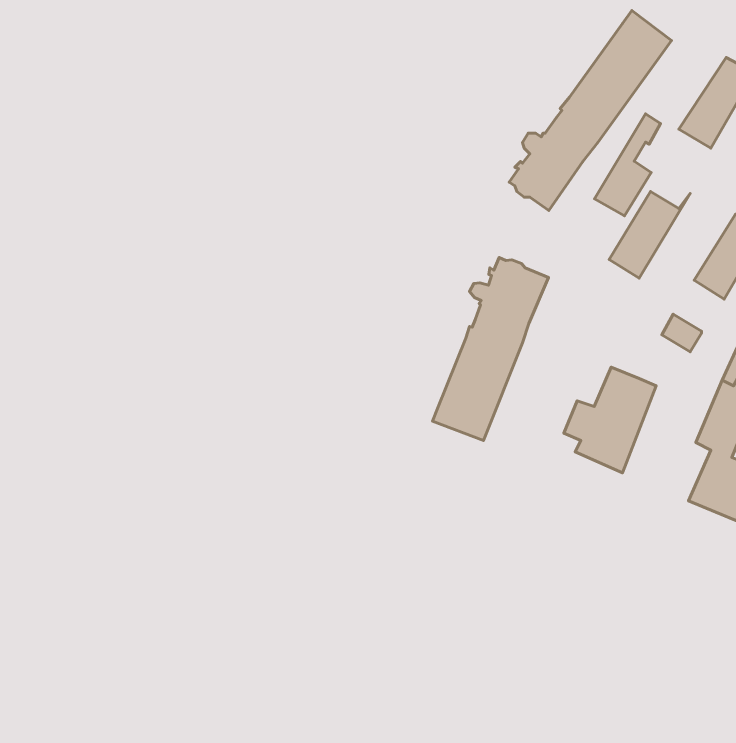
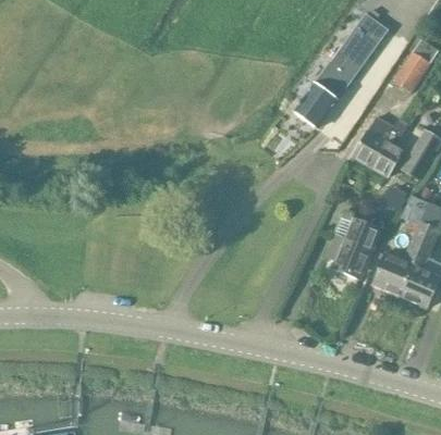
building: [594,114,660,216] -> [370,117,408,176]
building: [432,258,549,440] -> none
building: none -> [372,253,412,295]

